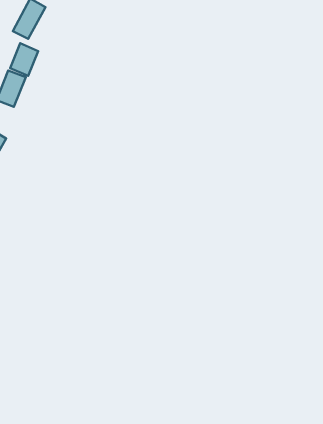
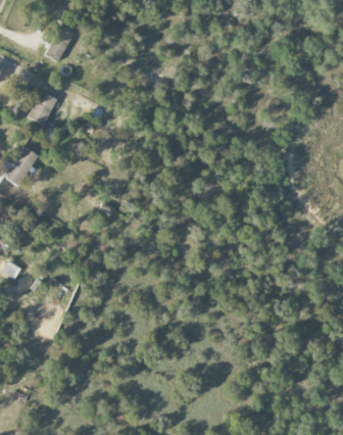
building: [10,43,38,76] -> none

